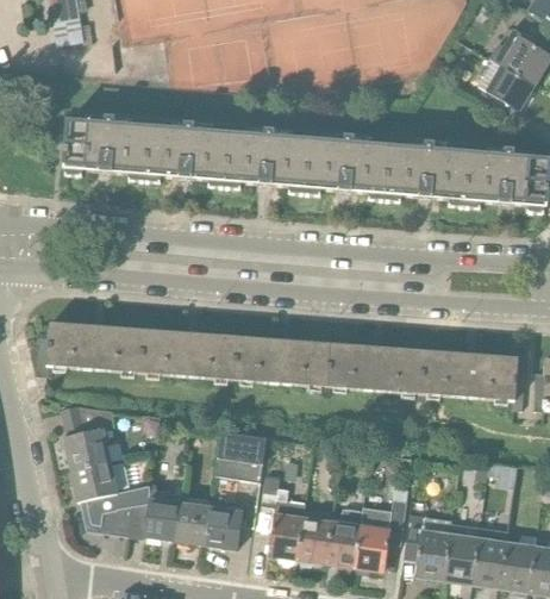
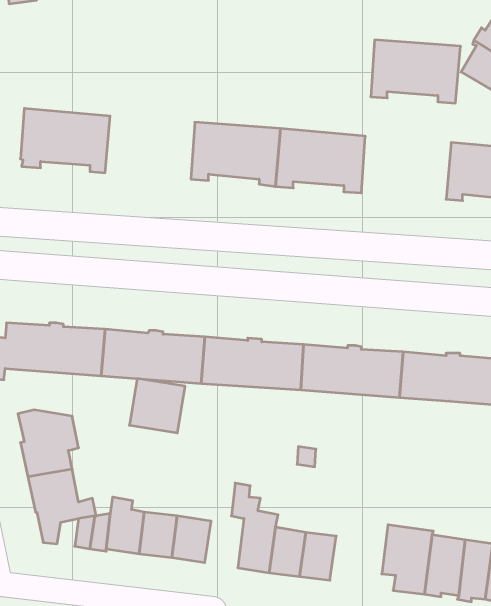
building: [143,126,227,186] -> none
building: [385,145,469,205] -> [371,40,461,103]
building: [214,430,267,481] -> [129,379,185,433]
building: [355,498,406,569] -> none

